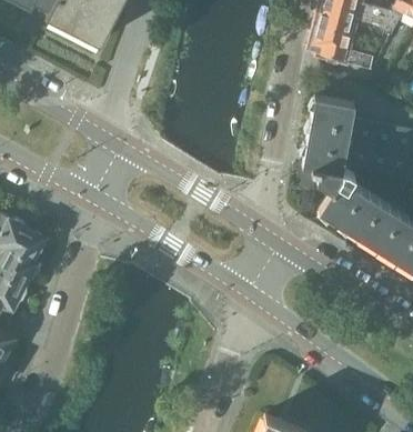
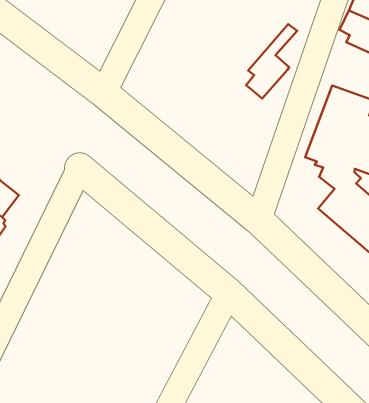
building: none -> [246,24,297,99]

